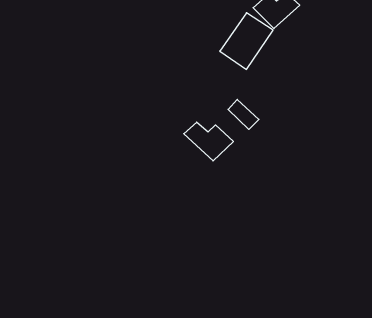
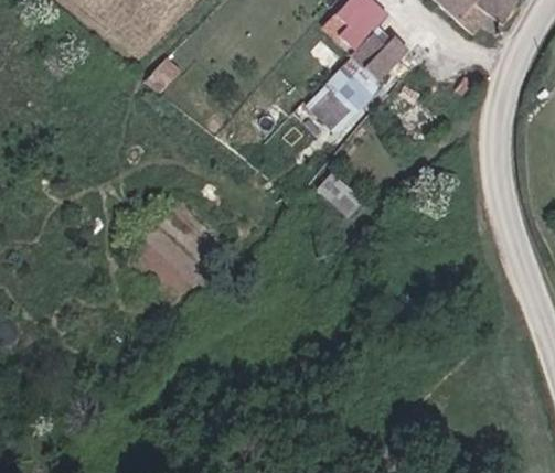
building: [184,122,233,161] -> none

